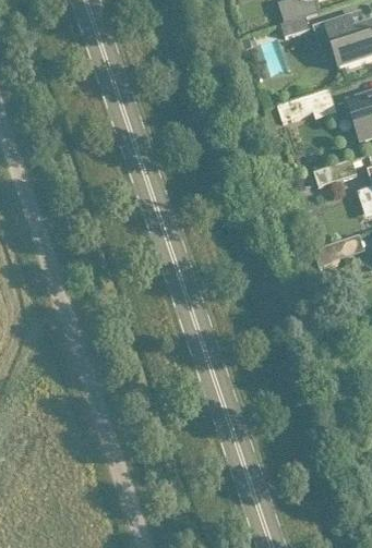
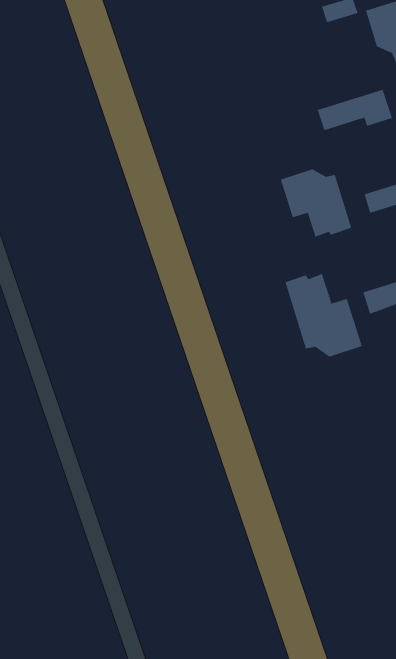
building: none -> [280,168,352,237]
building: none -> [285,273,362,358]

